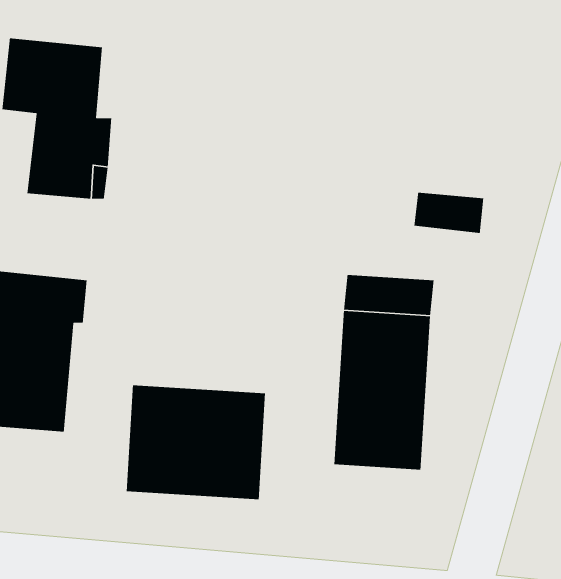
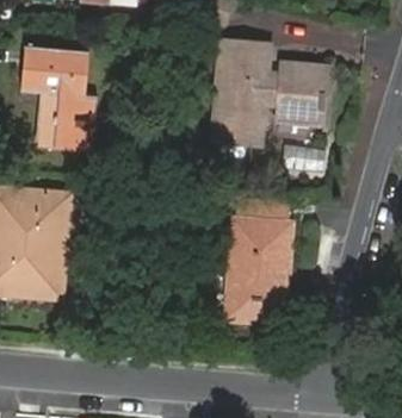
building: none -> [216,42,326,141]
building: [126,385,266,500] -> none

